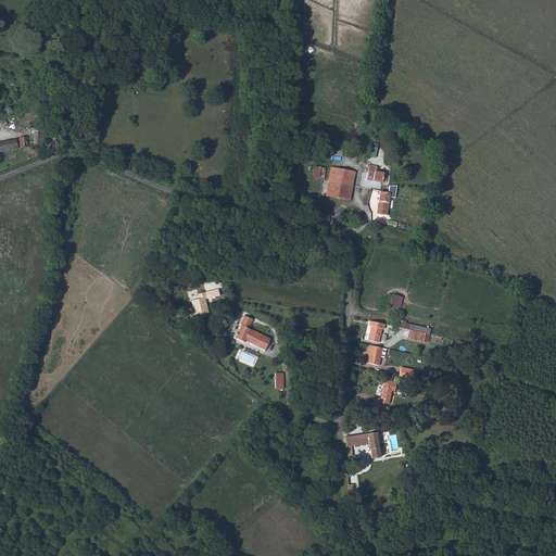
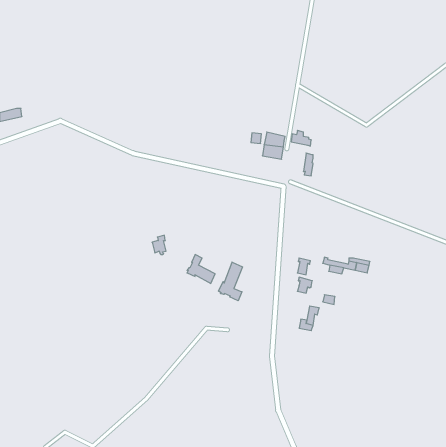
building: none -> [219,262,243,301]
building: [344,431,380,462] -> none

